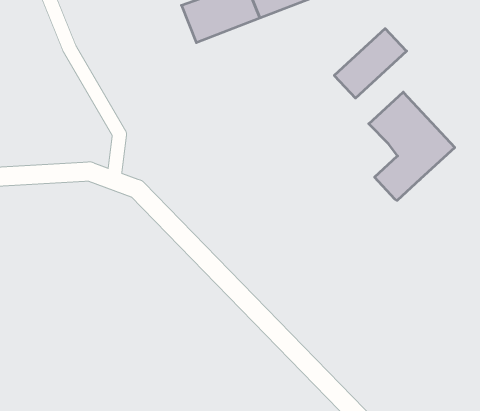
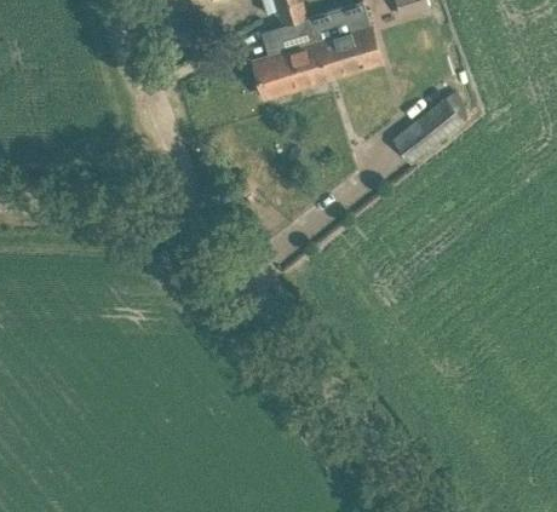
building: [369,92,455,200] -> none

